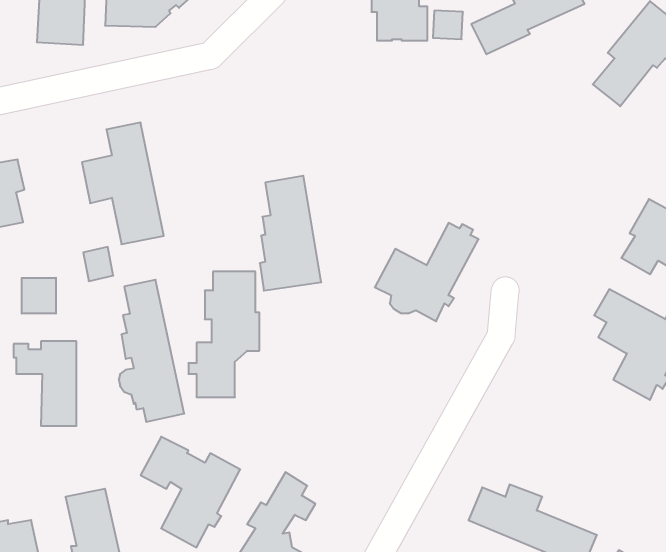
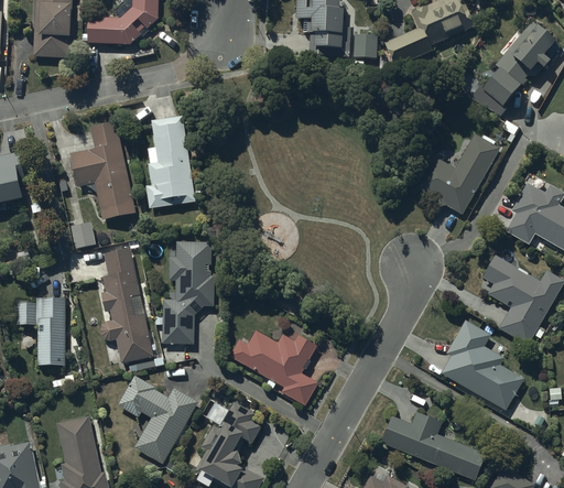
building: [260,176,321,291] -> [145,115,195,207]
building: [375,223,479,321] -> [413,134,497,214]
building: [22,278,56,314] -> none
building: none -> [440,319,523,410]
building: none -> [229,329,318,406]

